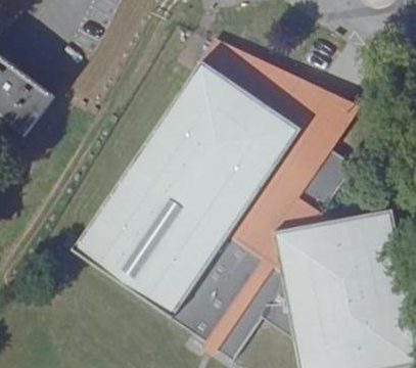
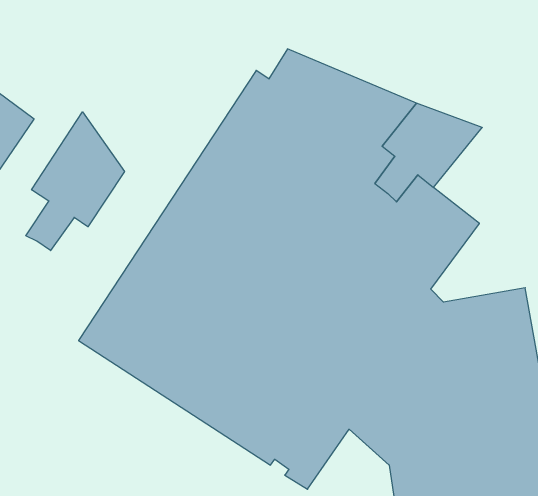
building: none -> [26,112,124,251]

